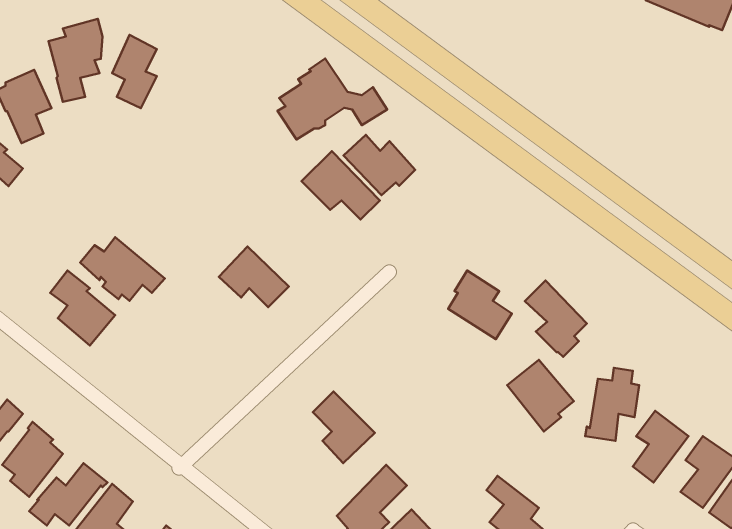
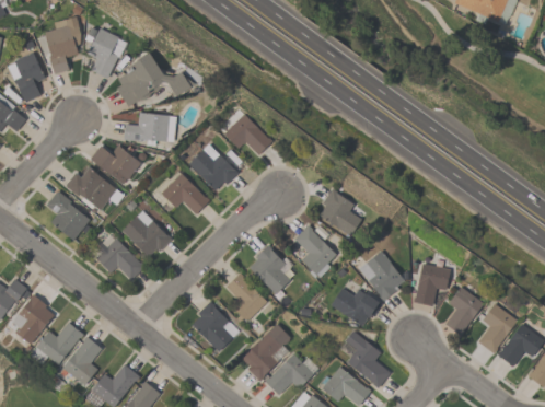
building: [277,58,387,140] -> [116,51,192,107]
building: [343,135,415,195] -> [188,149,237,190]
building: none -> [124,113,170,146]
building: none -> [91,144,141,184]
building: [525,280,587,357] -> [293,224,336,277]
building: none -> [121,210,172,257]
building: none -> [95,239,143,280]
building: none -> [250,244,290,294]
building: none -> [332,288,381,326]
building: none -> [192,301,239,350]

